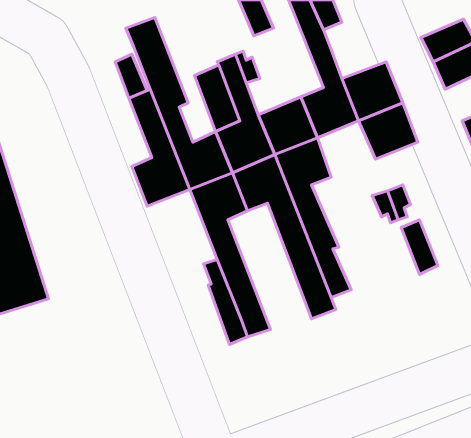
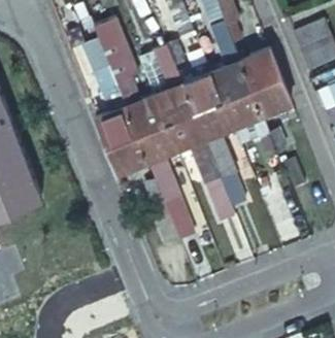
building: none -> [224,88,263,126]
building: none -> [108,134,147,172]

